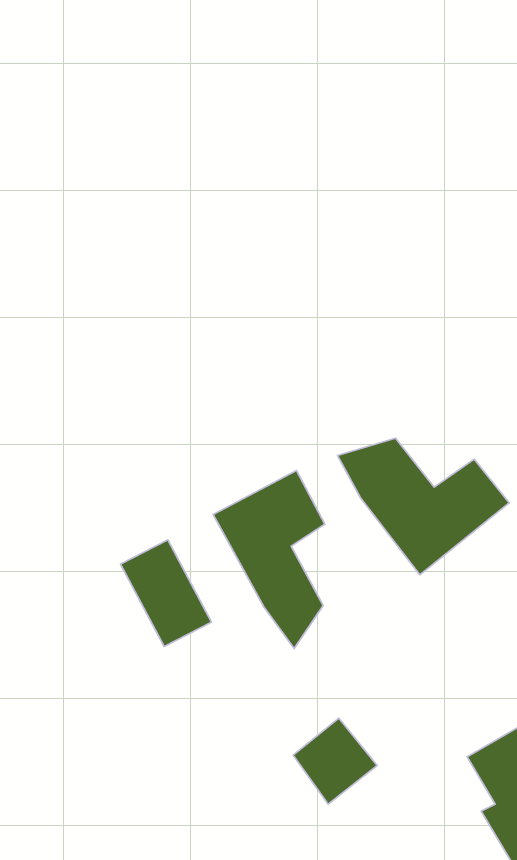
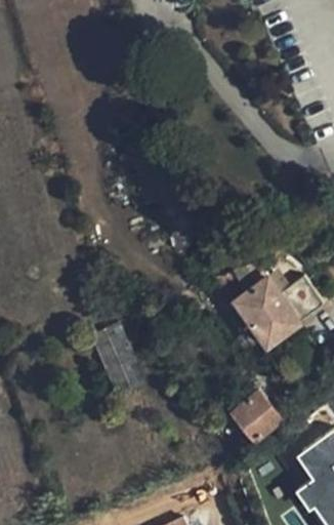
building: [213,471,325,649] -> none
building: [293,718,377,804] -> [231,392,280,442]

